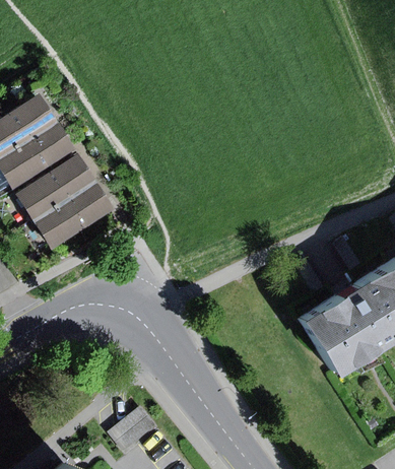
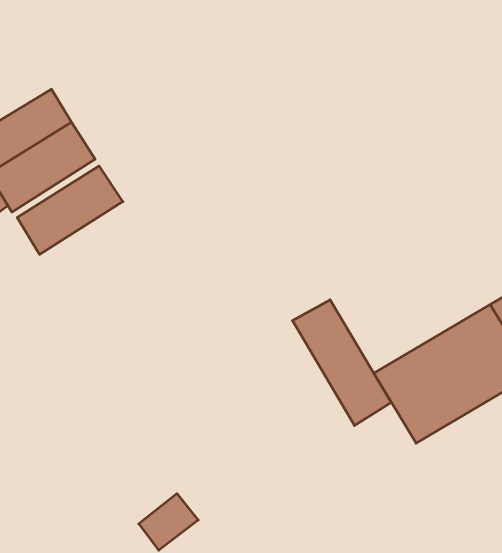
building: [39,185,120,253] -> none
building: none -> [292,300,391,426]

